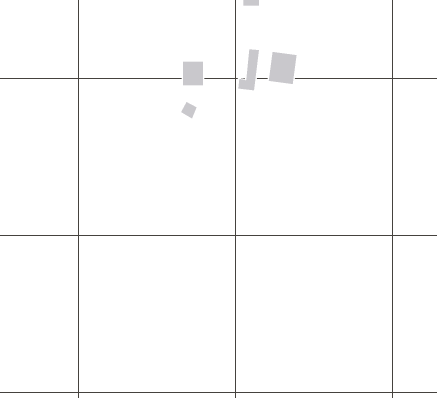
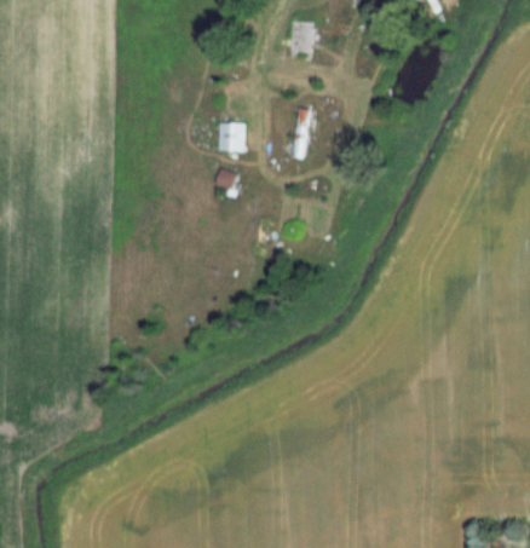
building: [268,51,297,85] -> none

